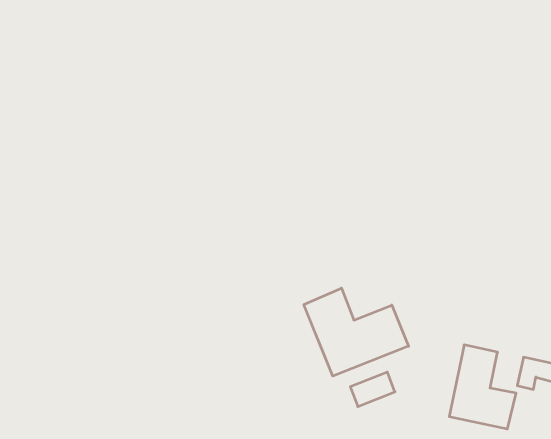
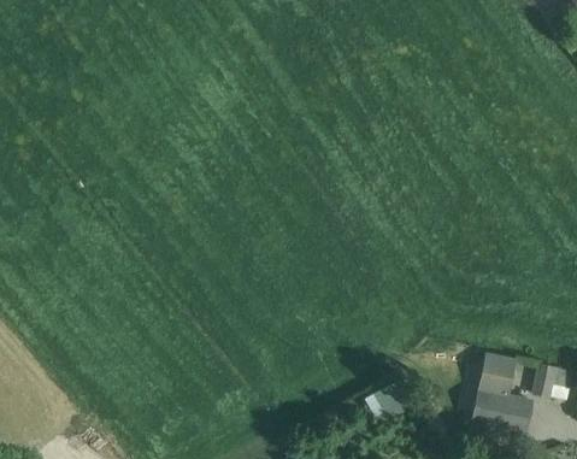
building: [304,288,409,376] -> none

